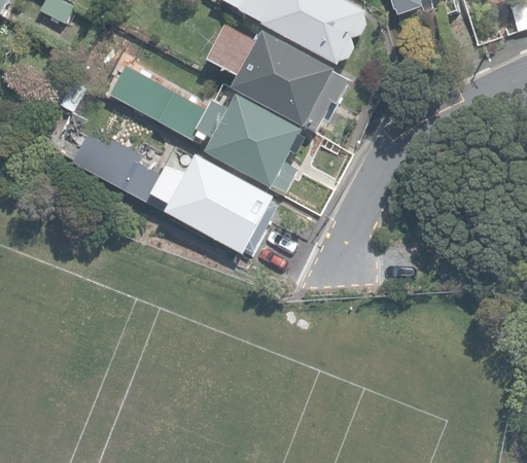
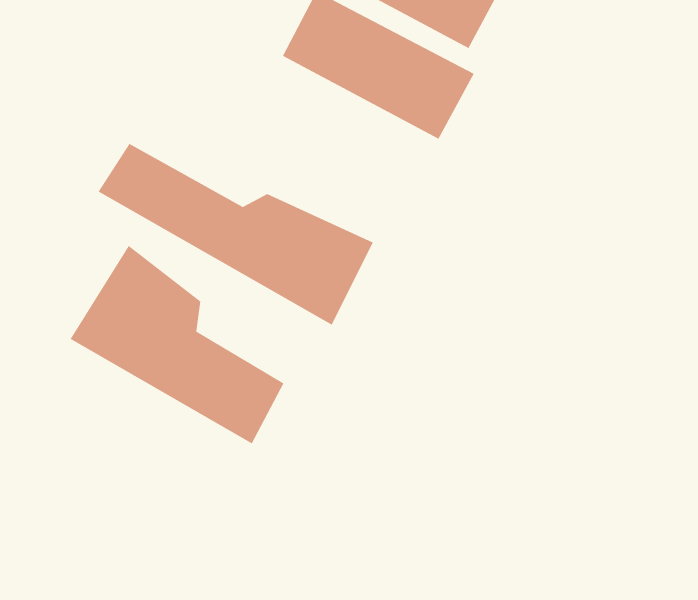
building: [115,60,307,191] -> none
building: none -> [70,245,285,444]

